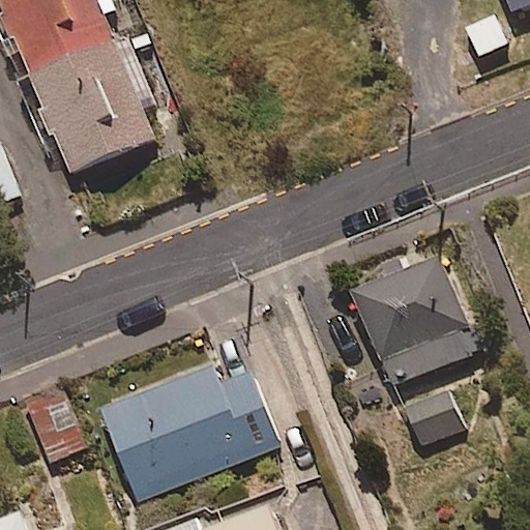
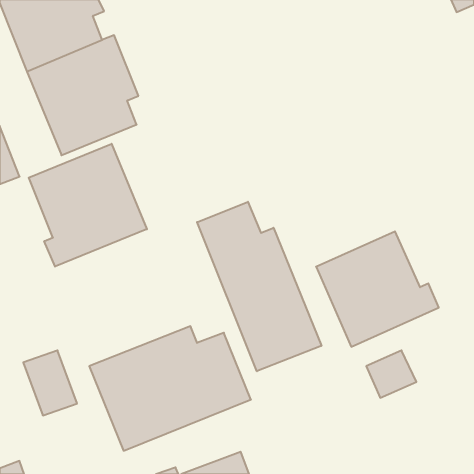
building: none -> [29,144,147,267]
building: none -> [197,202,321,371]

